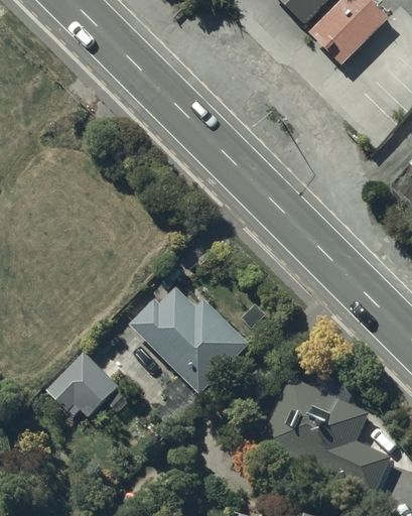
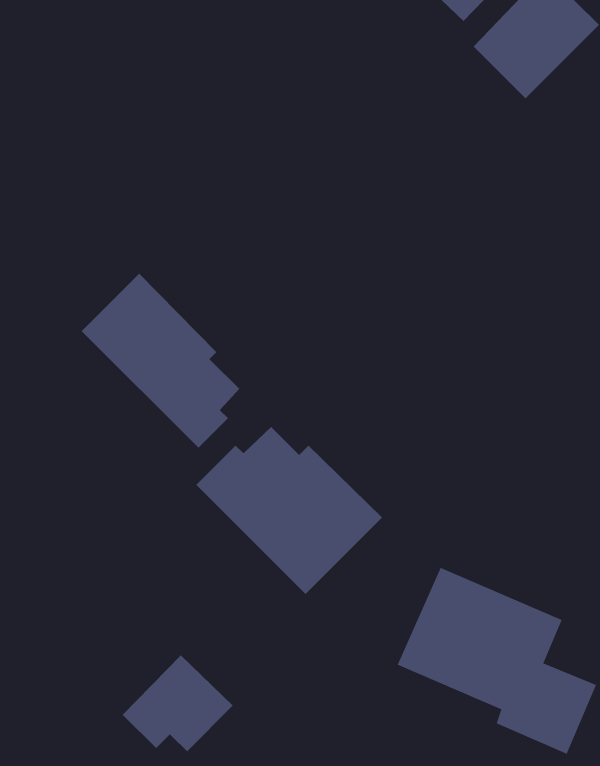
building: none -> [81,273,240,449]
building: [47,348,120,411] -> [122,654,233,752]

